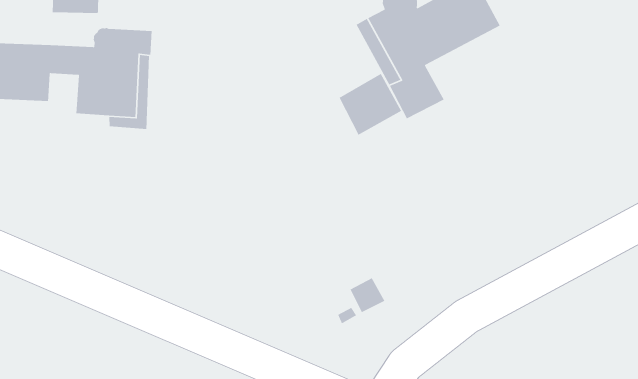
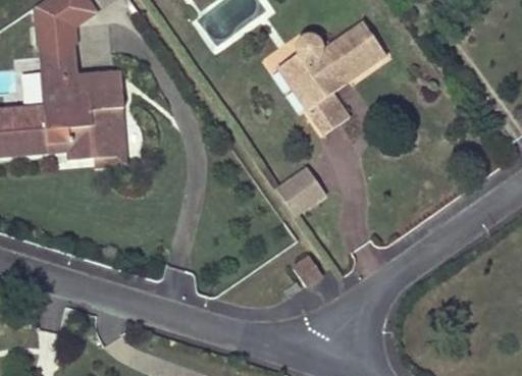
building: none -> [42,74,120,107]
building: [338,73,402,136] -> [275,167,325,217]

